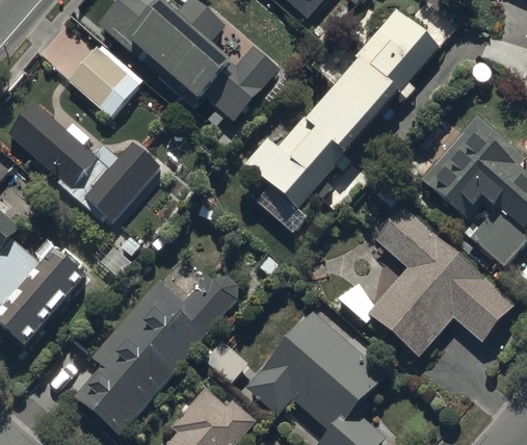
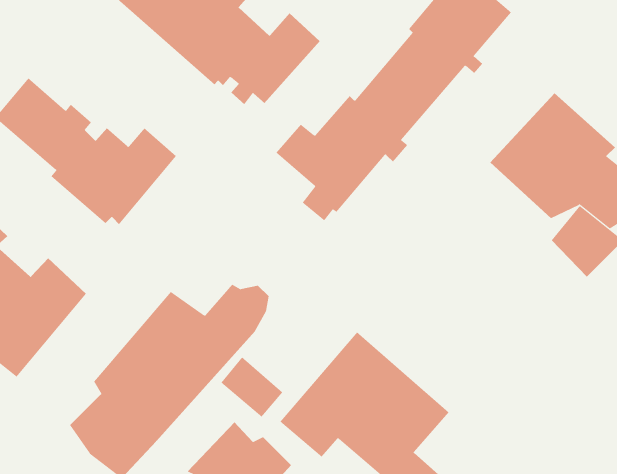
building: [65,42,142,117] -> none
building: [368,203,521,356] -> none

